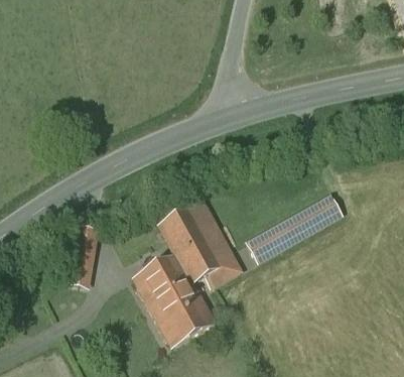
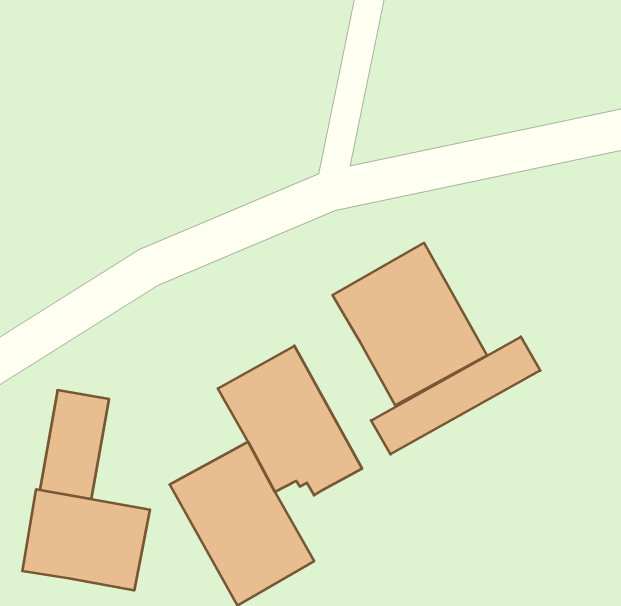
building: none -> [333,243,487,405]
building: none -> [22,489,150,590]

